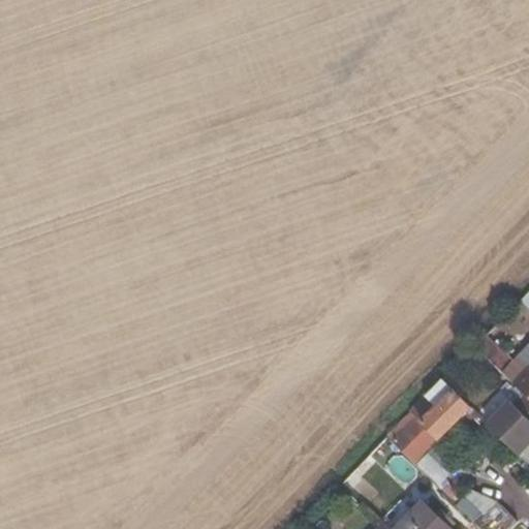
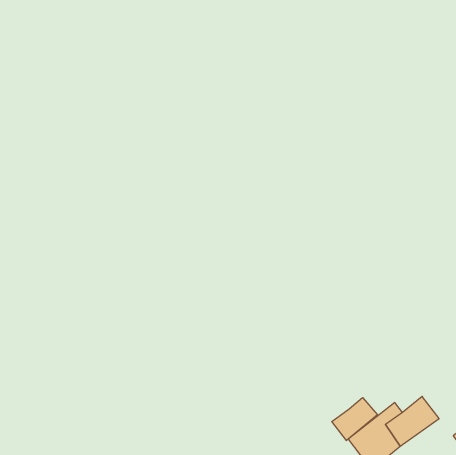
building: none -> [332,398,377,441]

